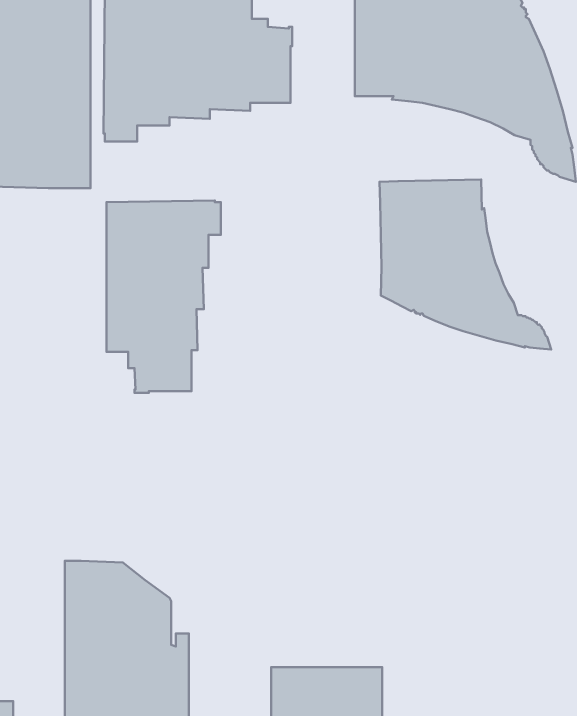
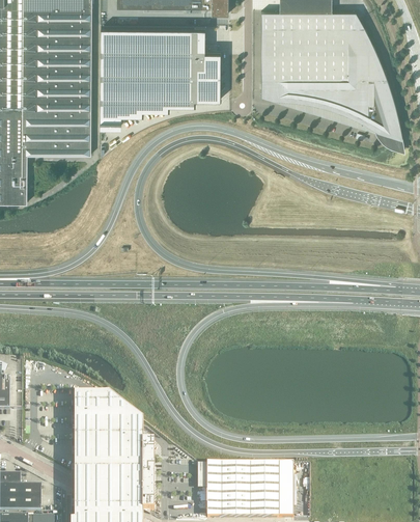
building: [380,179,551,349] -> none
building: [106,200,221,393] -> none

